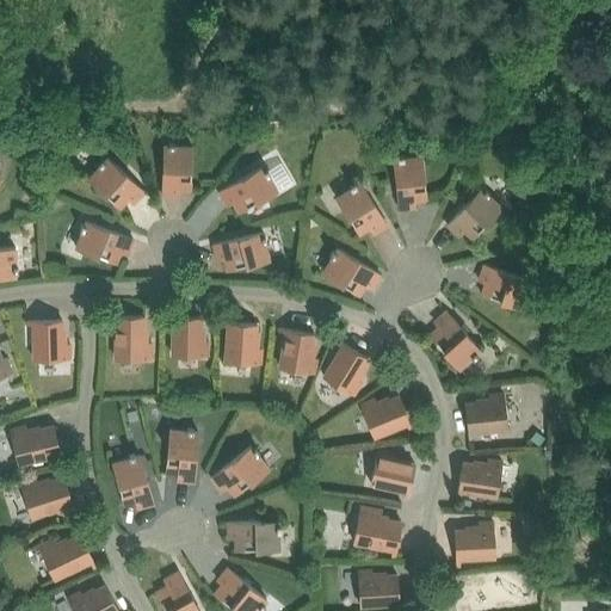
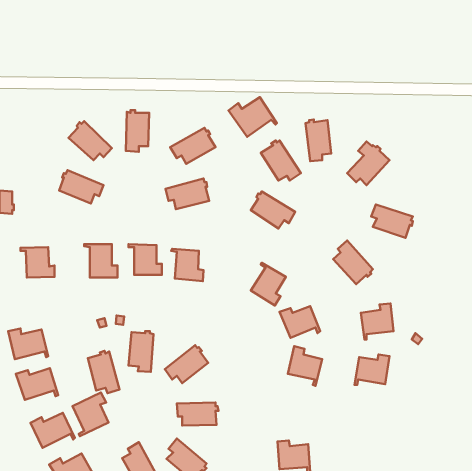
building: none -> [229,97,277,137]
building: [279,329,317,375] -> none
building: [354,508,401,558] -> none
building: none -> [72,393,108,436]
building: [455,521,495,567] -> none

